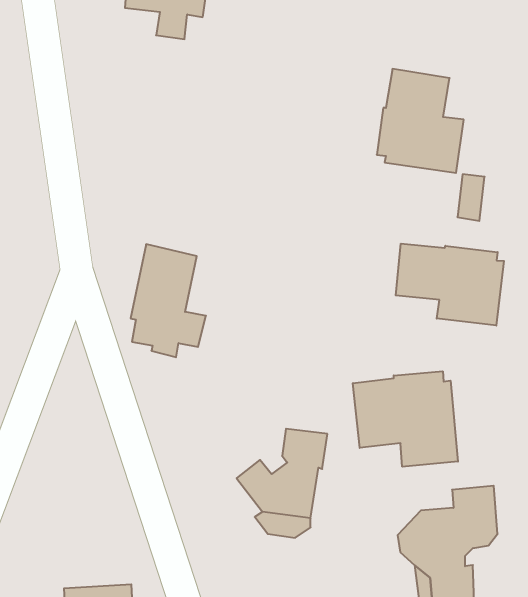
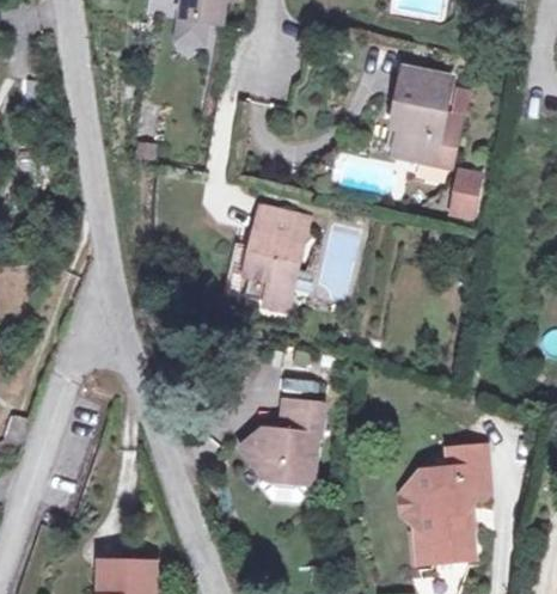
building: [396,244,504,326] -> none
building: [131,244,206,357] -> [238,208,307,312]
building: [353,371,458,467] -> none

